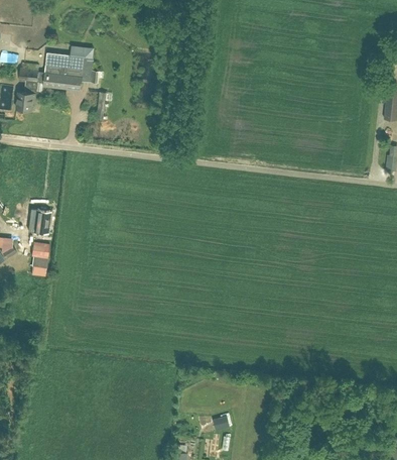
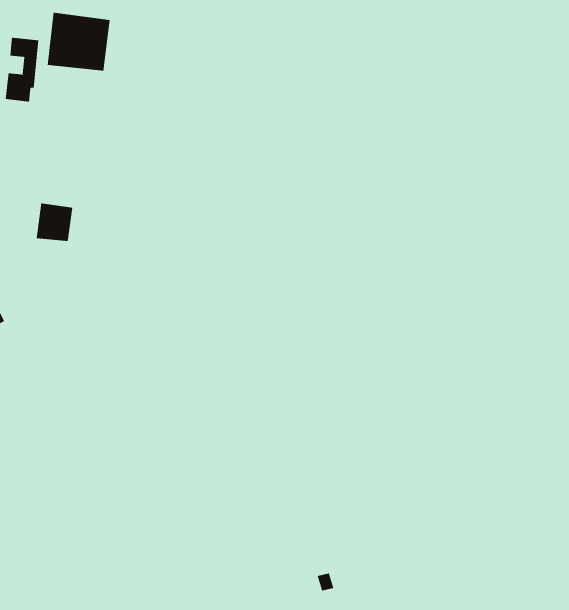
building: [27,208,51,233] -> [36,203,73,242]
building: [30,241,49,274] -> none

